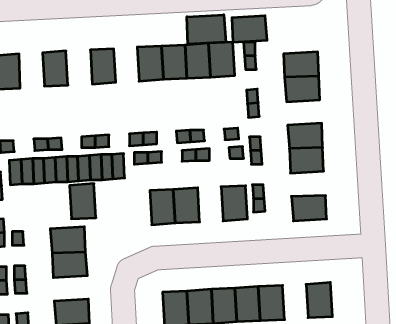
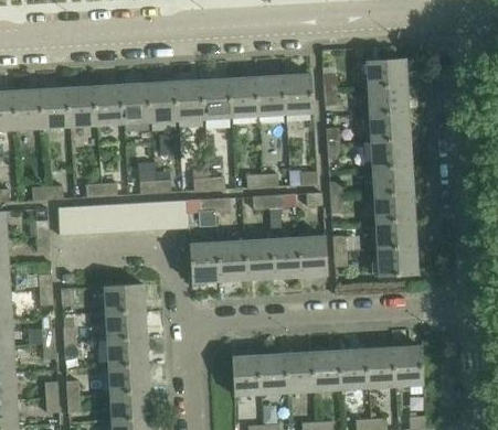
building: [187,15,226,44] -> none
building: [232,16,267,42] -> [365,57,405,87]
building: none -> [174,79,203,119]
building: none -> [120,83,150,122]
building: none -> [67,86,96,126]
building: none -> [370,139,410,168]
building: none -> [374,219,414,248]
building: [70,184,96,219] -> [188,241,218,281]
building: none -> [269,237,298,277]
building: none -> [106,337,146,366]
building: none -> [365,347,394,387]

